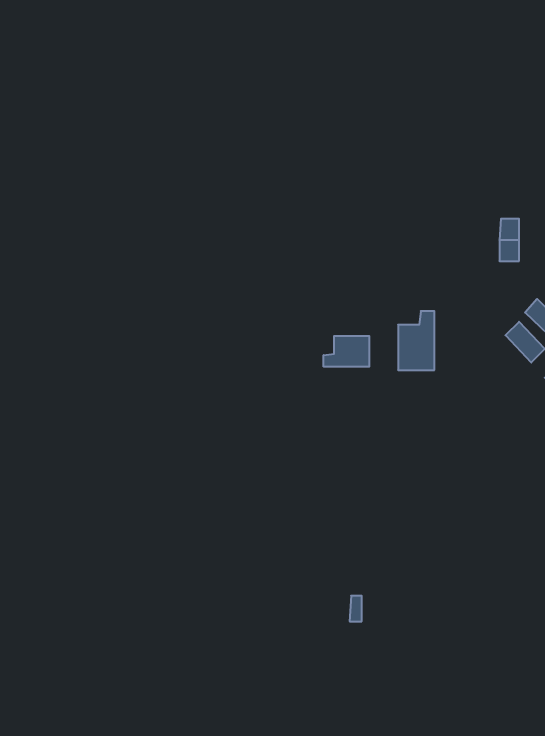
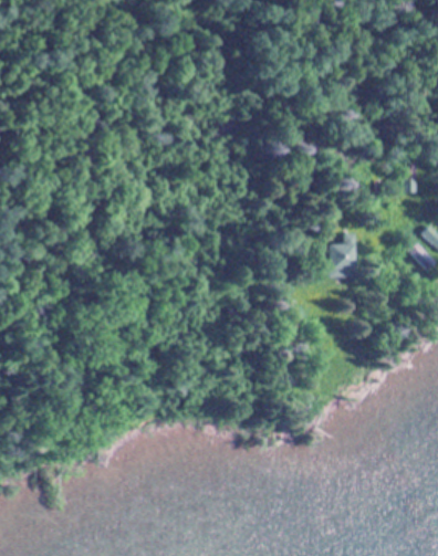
building: [324,336,369,367] -> none

